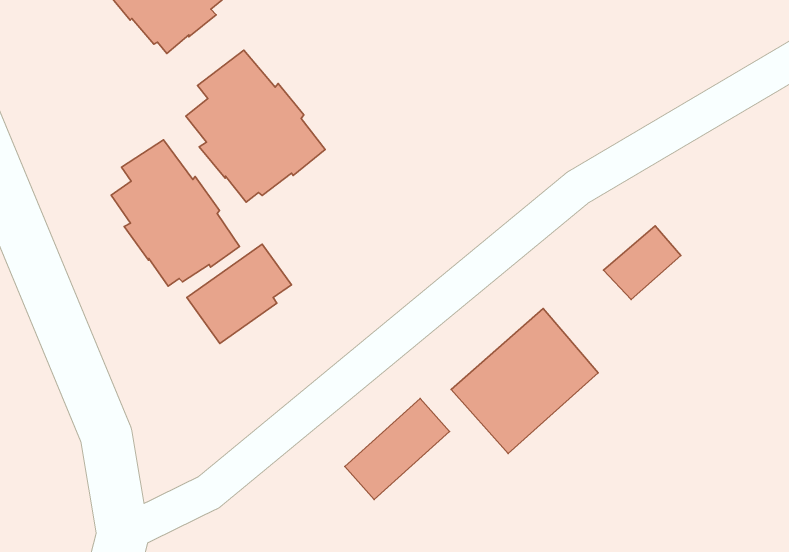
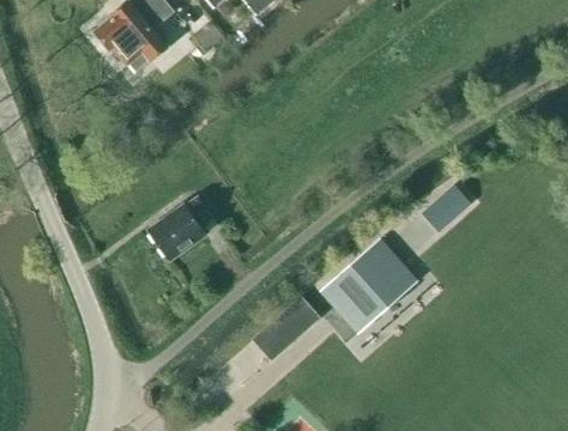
building: [186,50,325,202] -> none
building: [111,140,240,286] -> none

